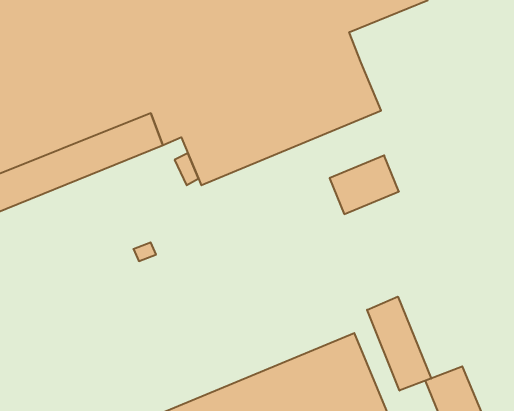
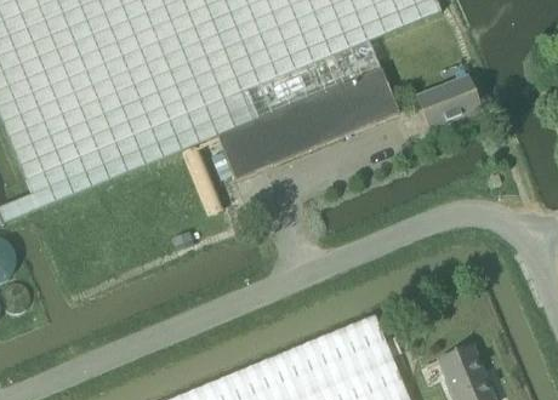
building: [330,155,399,214] -> [415,76,478,130]
building: [367,297,431,391] -> none

